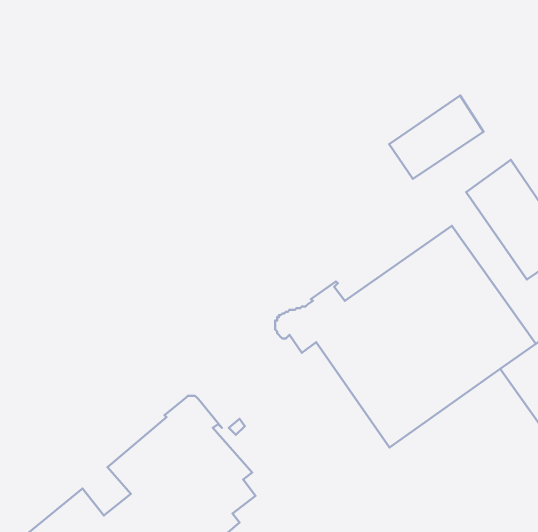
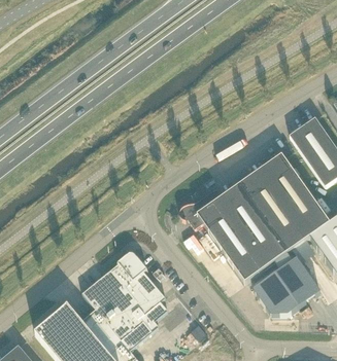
building: [389,96,483,179] -> none
building: none -> [254,257,321,314]

